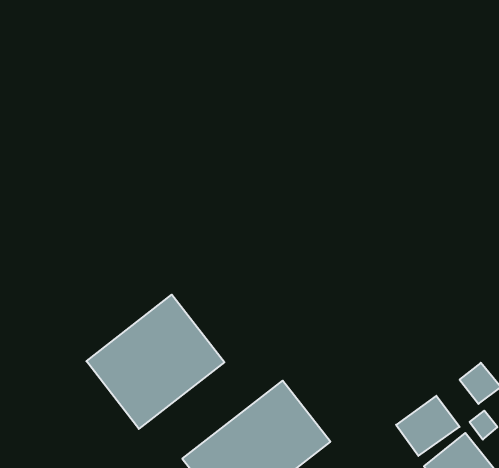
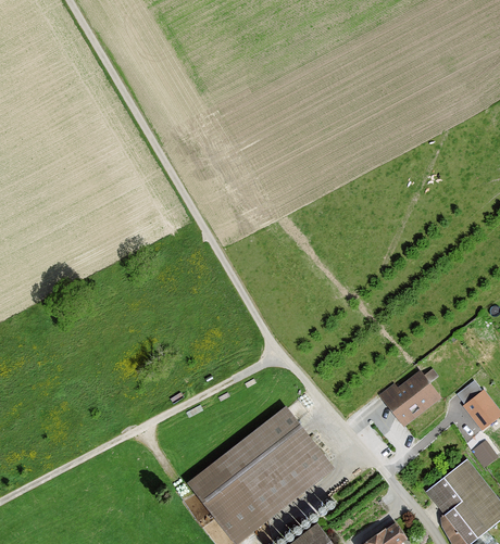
building: [86,295,224,429] -> none
building: [396,396,460,456] -> [379,368,441,427]

